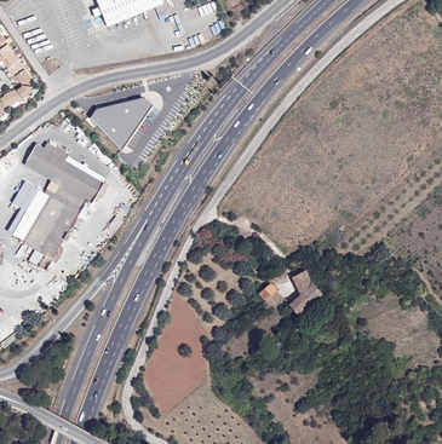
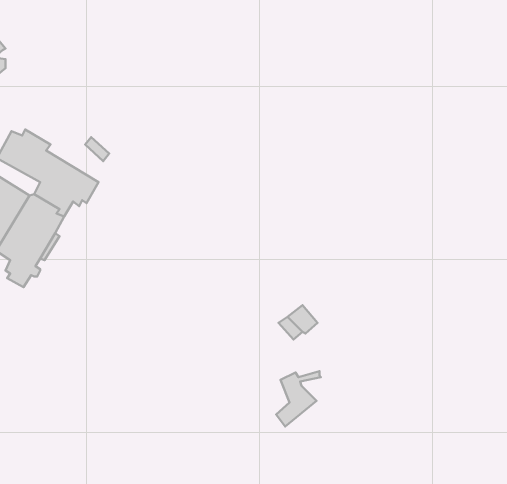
building: [90,97,153,151] -> none
building: [288,269,325,313] -> [276,371,321,426]

